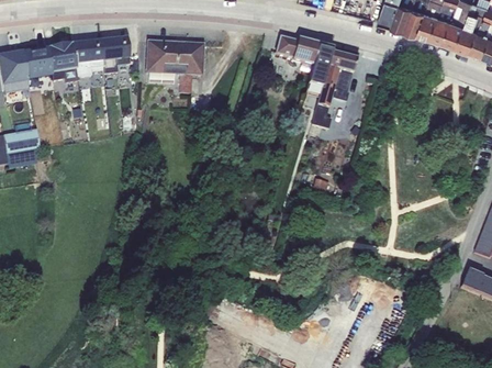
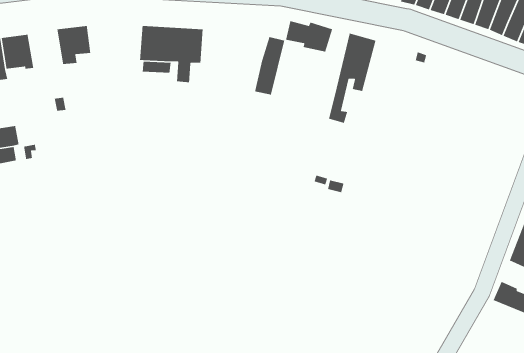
building: [99,38,128,75] -> none
building: [46,45,77,83] -> none
building: [304,45,332,98] -> [254,36,285,96]

